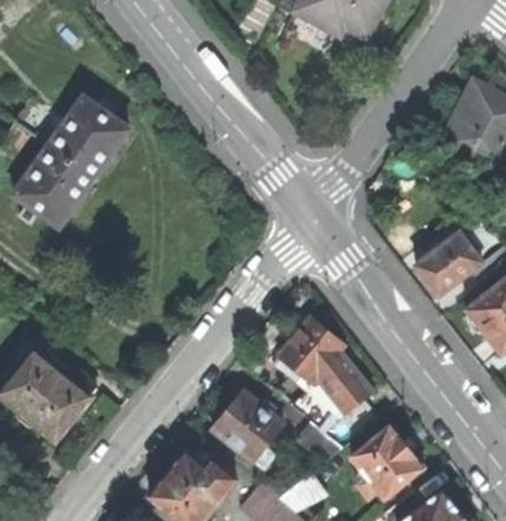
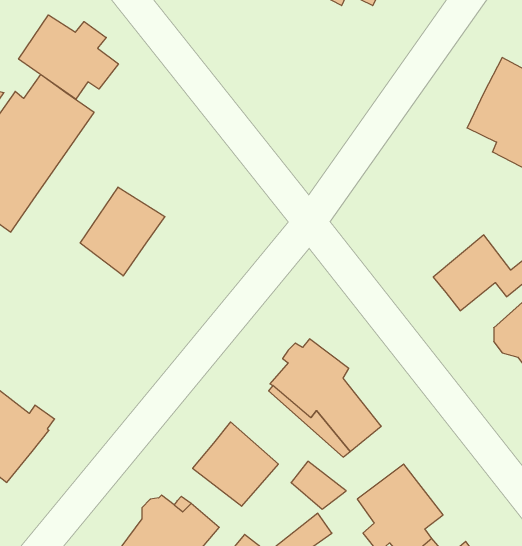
building: none -> [19,15,118,99]
building: none -> [80,187,165,276]

